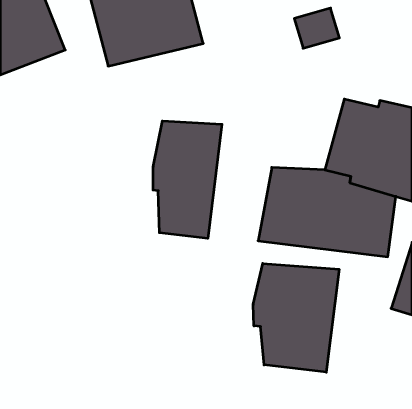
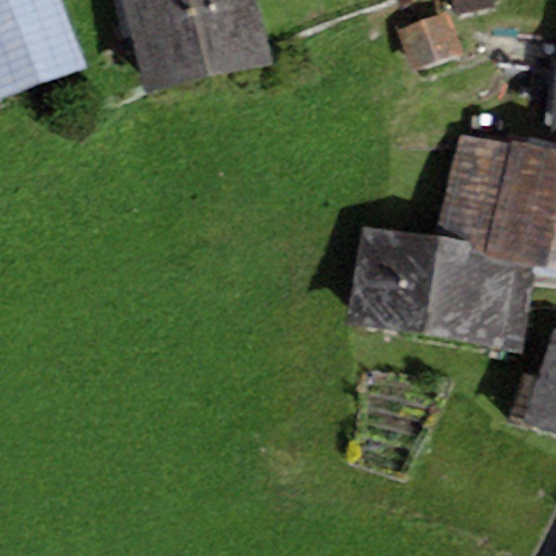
building: [153,121,222,238] -> none
building: [253,263,339,372] -> none

